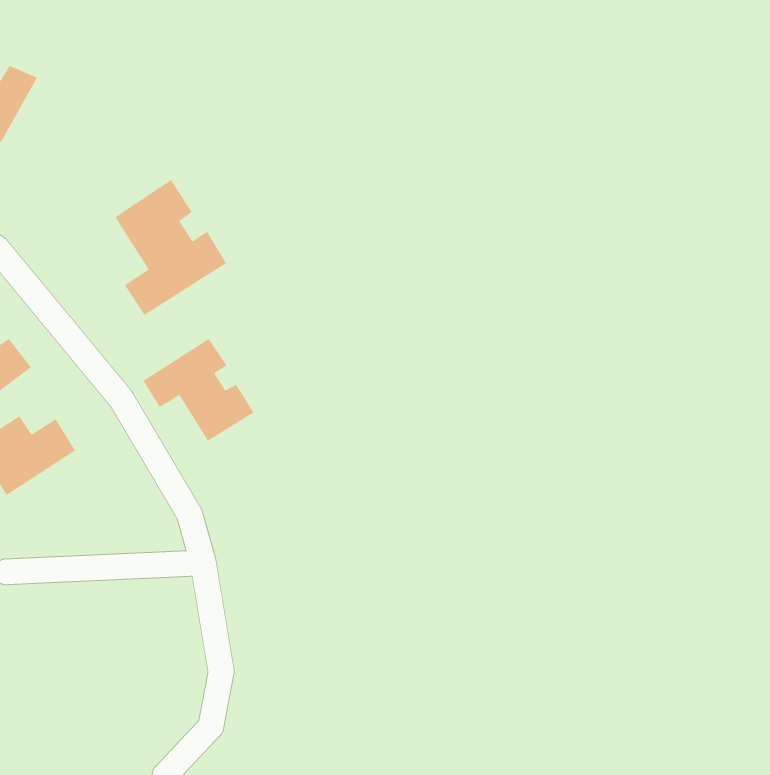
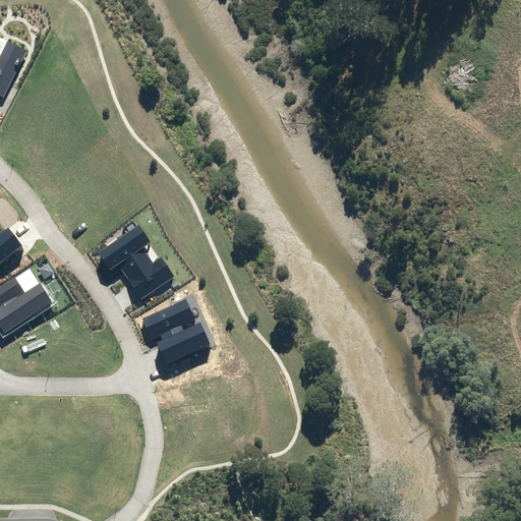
building: [114,179,227,316] -> none
building: none -> [138,298,209,364]

